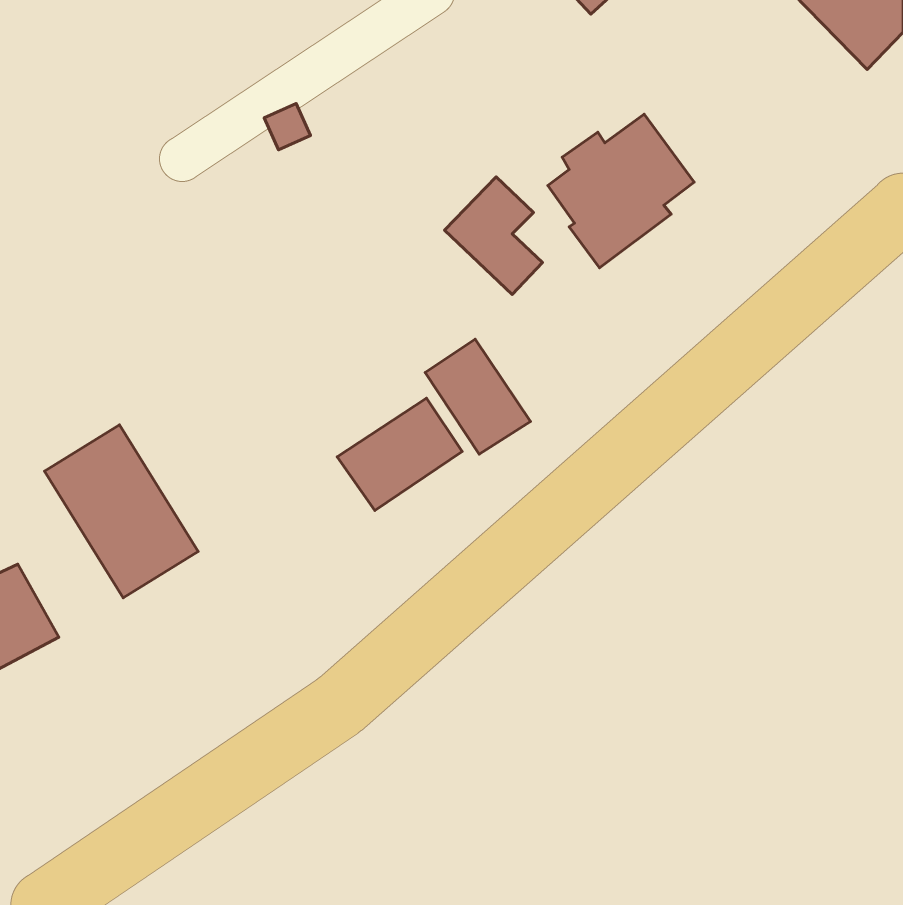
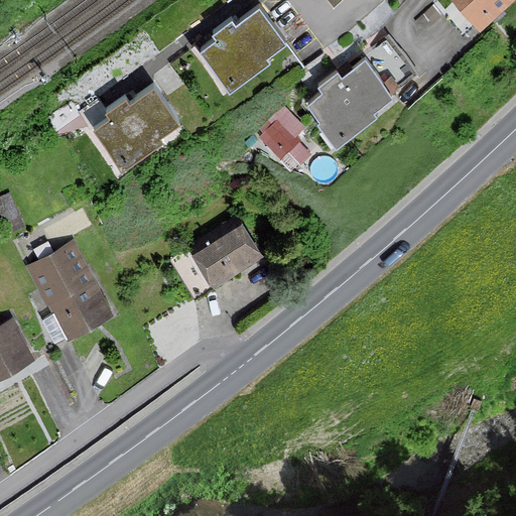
building: none -> [199,8,281,94]
building: none -> [95,86,178,172]
building: [425,339,531,454] -> none

